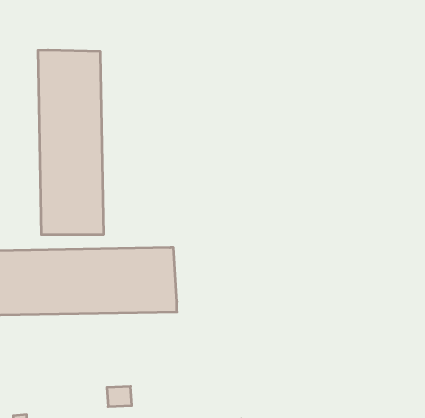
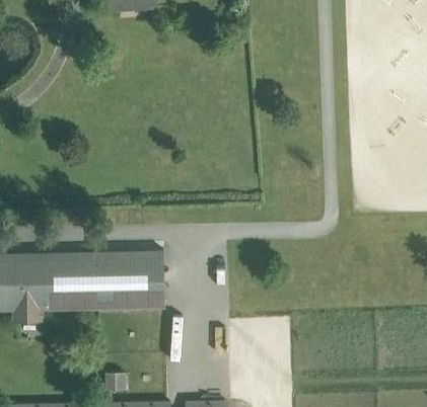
building: [38,50,103,235] -> none

